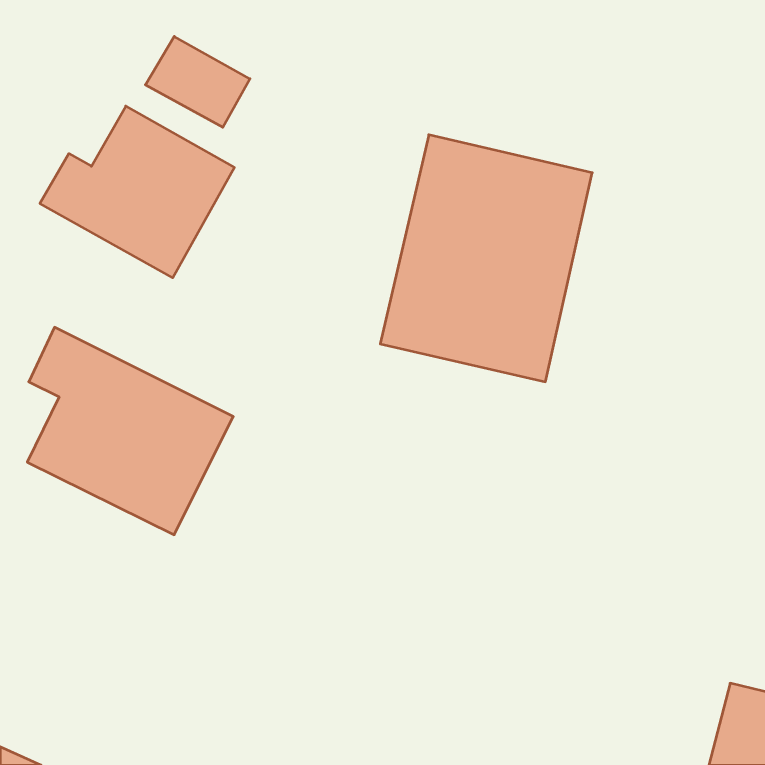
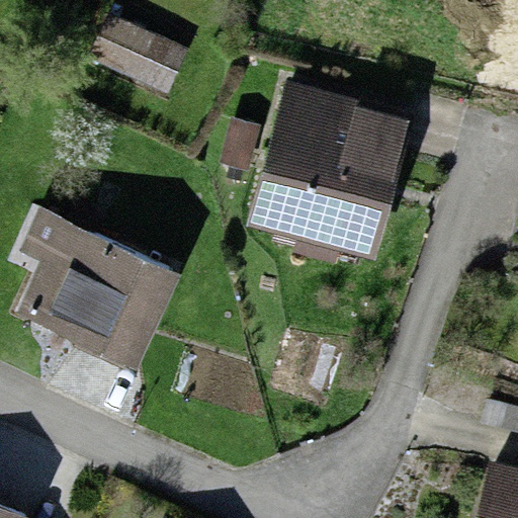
building: [40,106,234,278] -> none

